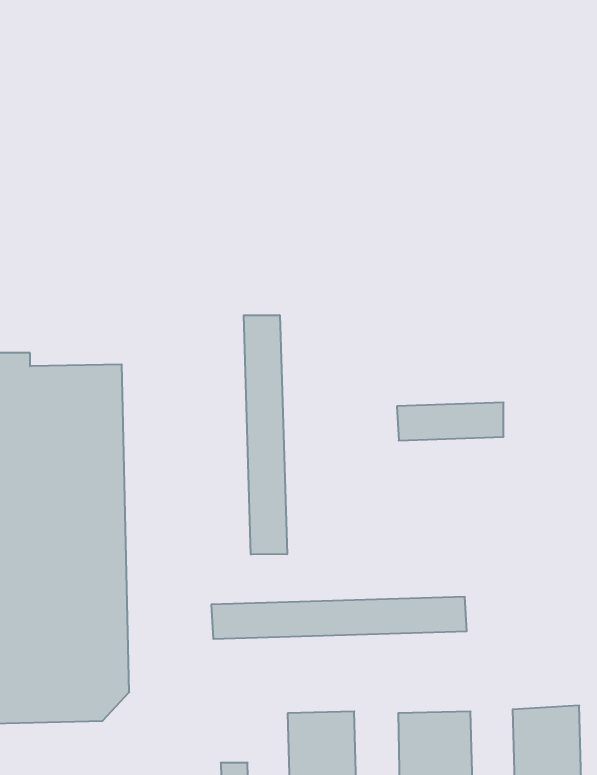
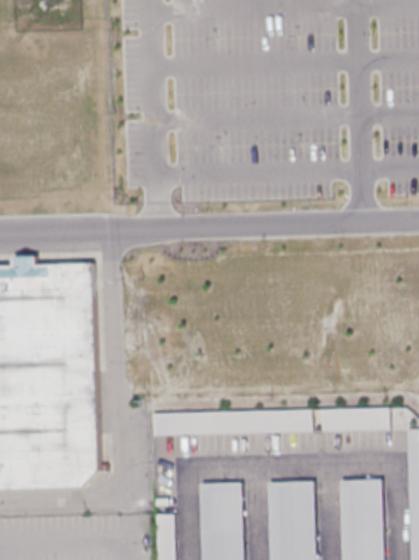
building: [244,315,287,555] -> none
building: [397,402,504,441] -> [321,408,388,432]

